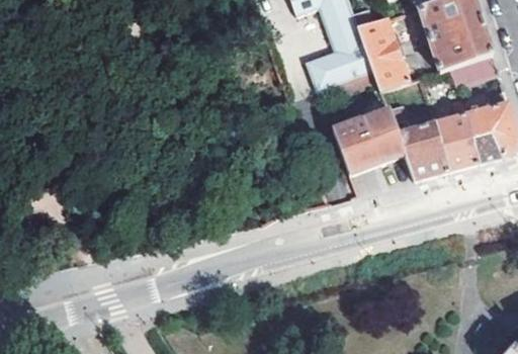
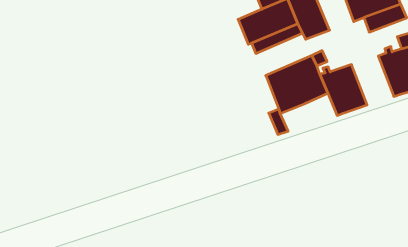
building: [433,113,480,170] -> none

